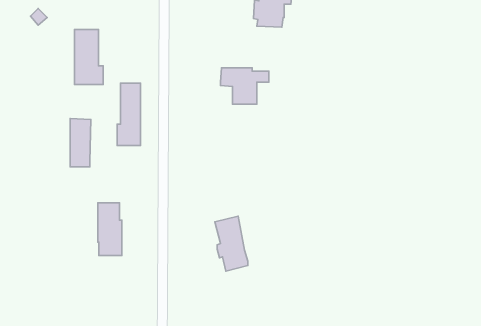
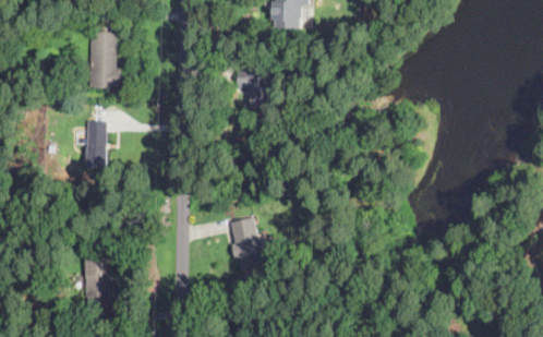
building: [117,83,141,145] -> none
building: [98,203,122,255] -> [85,256,109,309]

